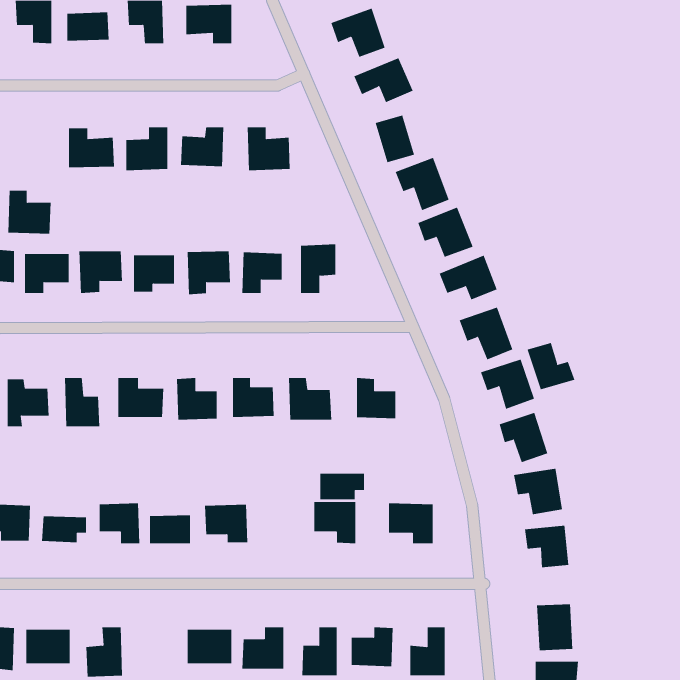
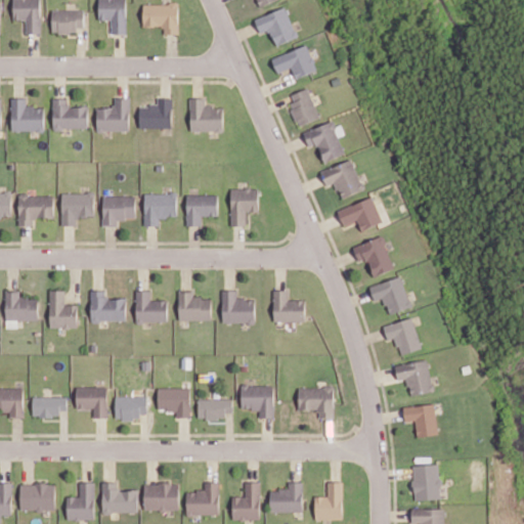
building: [7,190,51,234] -> [10,98,44,132]
building: [527,342,575,390] -> none
building: [319,473,365,500] -> [198,399,232,420]
building: none -> [101,482,137,514]

